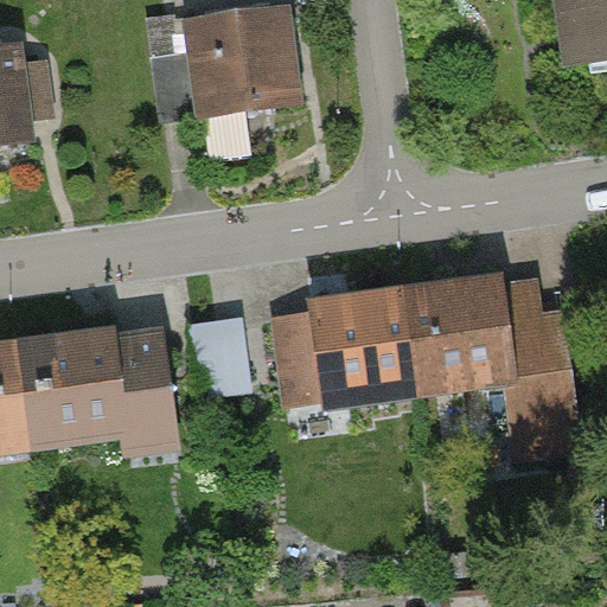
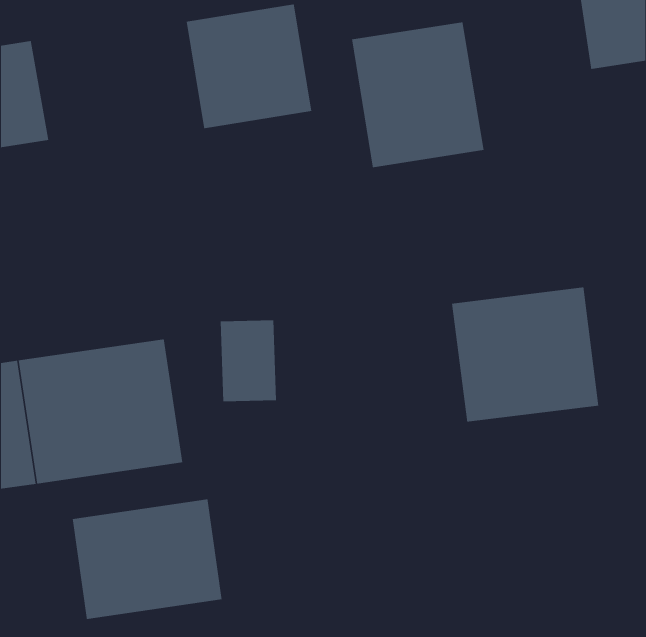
building: none -> [352,21,484,168]
building: [299,285,437,411] -> none
building: none -> [72,499,222,620]

